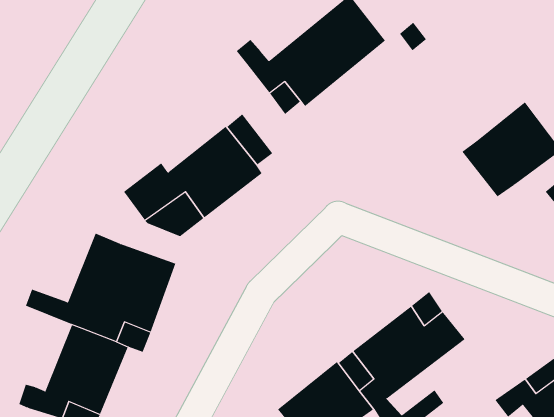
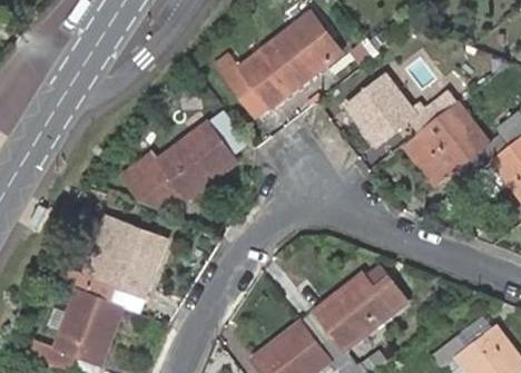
building: none -> [346,75,458,146]

